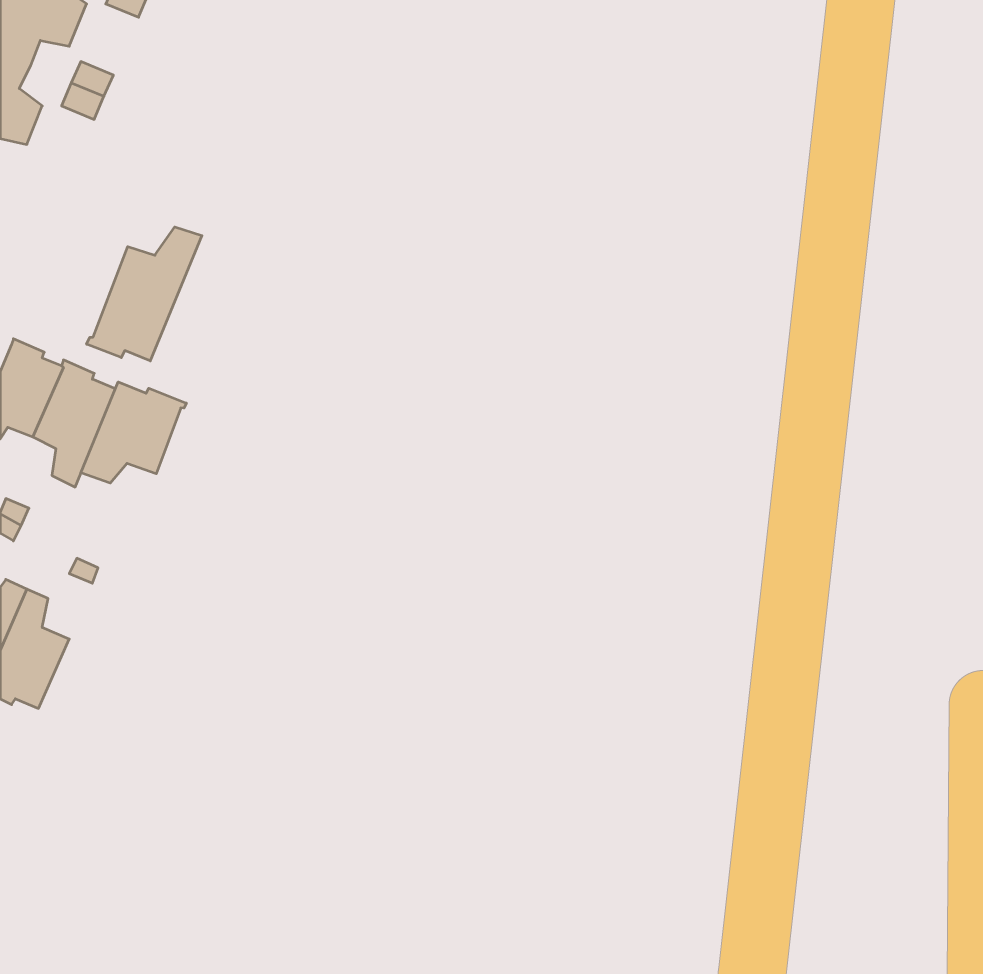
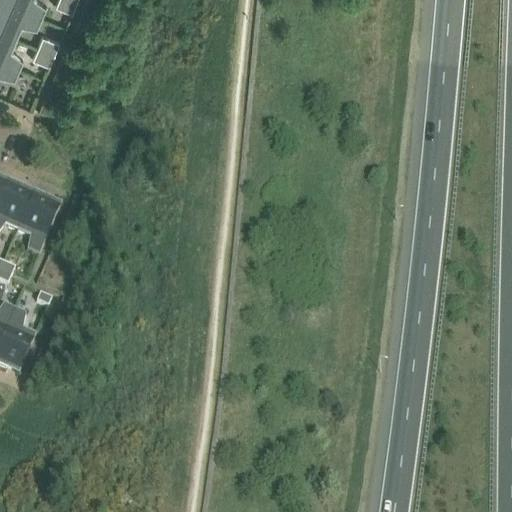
building: [87,227,202,361] -> none
building: [81,382,186,483] -> none

